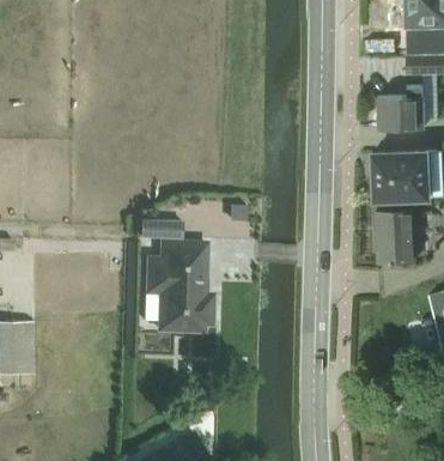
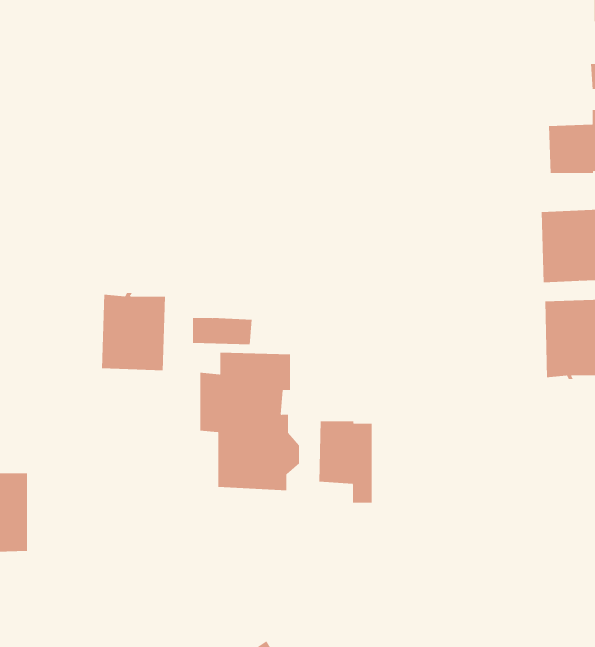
building: none -> [101,292,165,371]
building: none -> [319,421,372,503]

